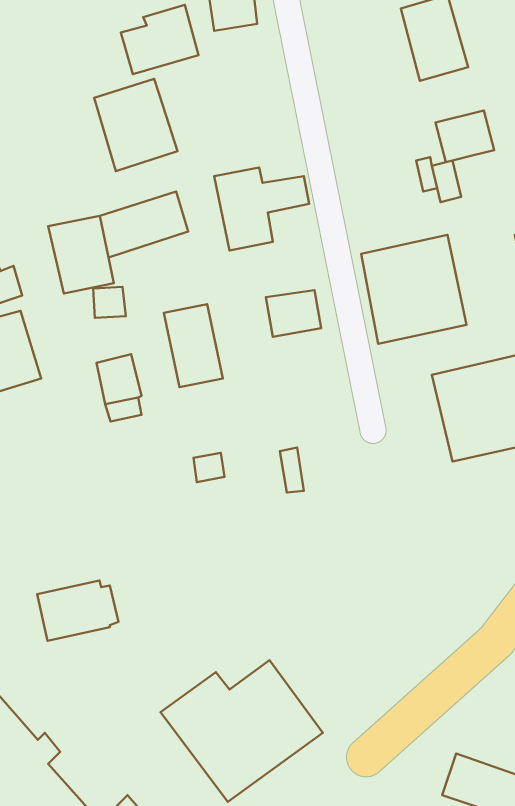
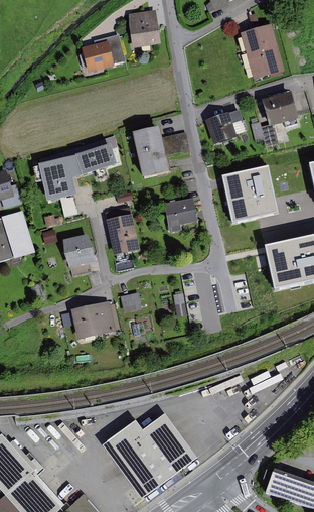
building: [94,79,177,171] -> none
building: none -> [206,110,246,143]
building: [37,580,118,641] -> [71,302,119,338]

